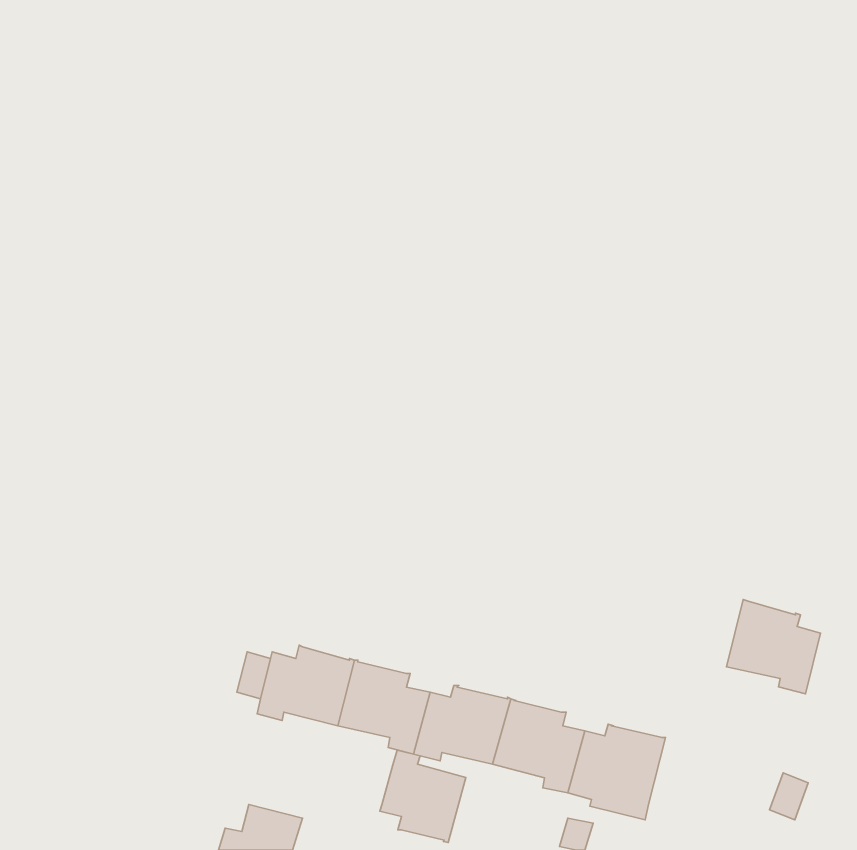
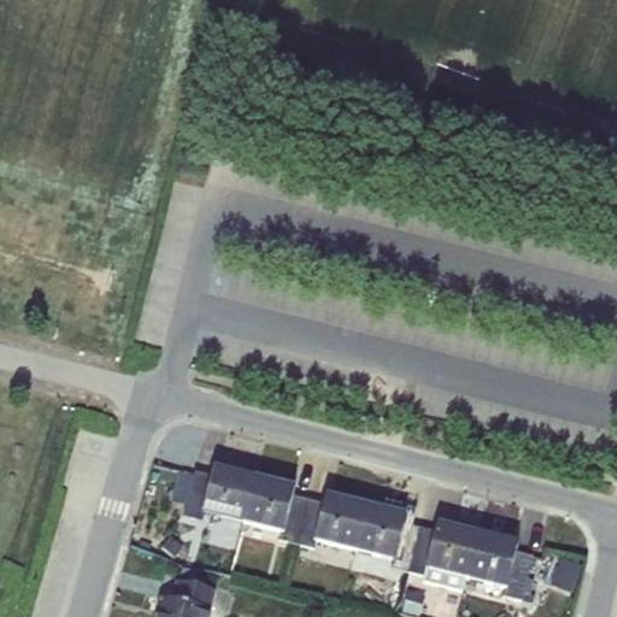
building: [726,600,821,694] -> [466,529,534,597]
building: [380,750,466,842] -> none

